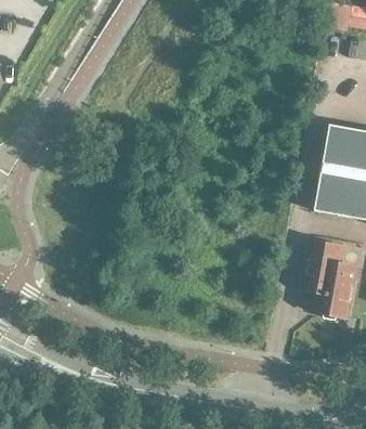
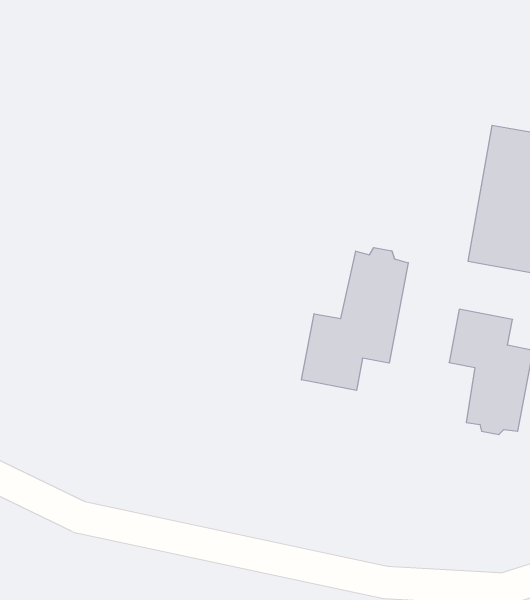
building: none -> [302,248,408,390]

